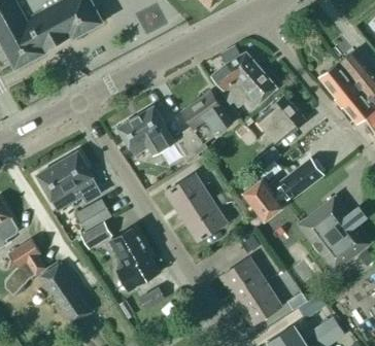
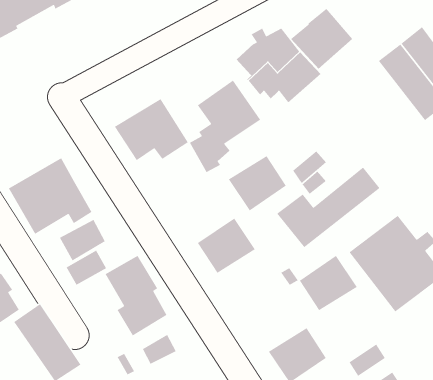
building: [257,97,305,144] -> [290,8,353,70]
building: [165,174,210,217] -> [228,155,287,211]
building: [220,257,266,301] -> [299,255,358,311]

